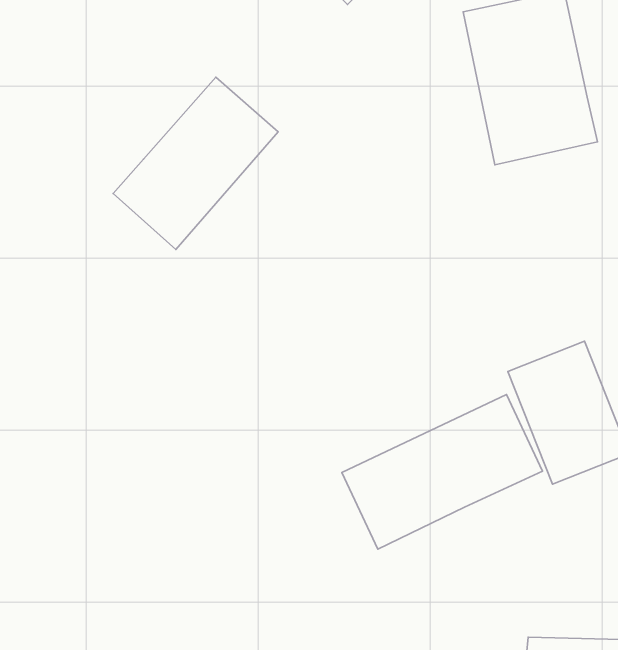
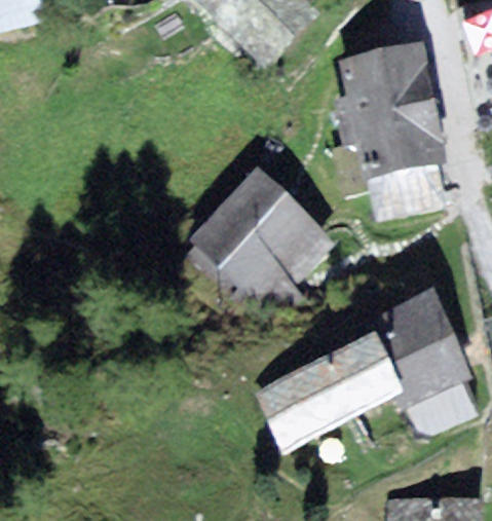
building: [113,77,278,250] -> none
building: none -> [199,175,323,296]

